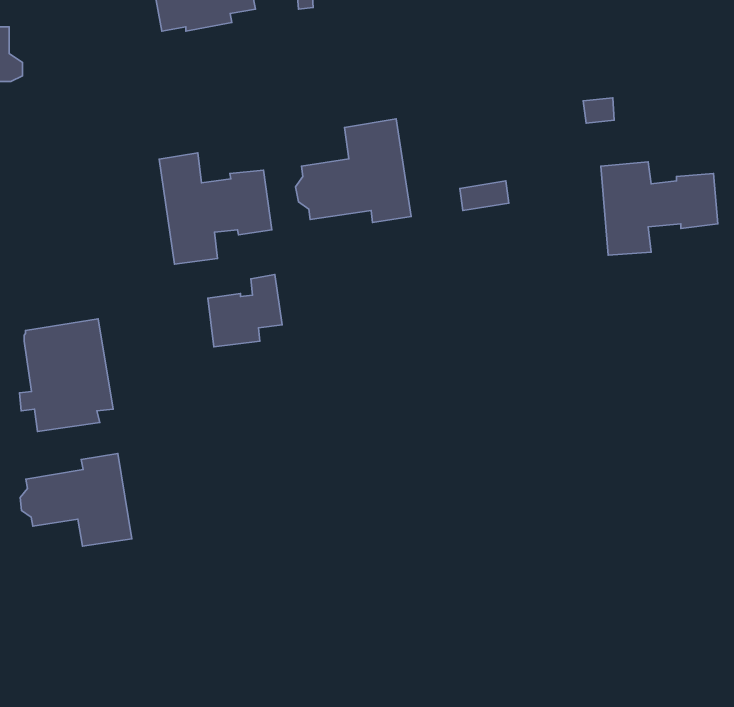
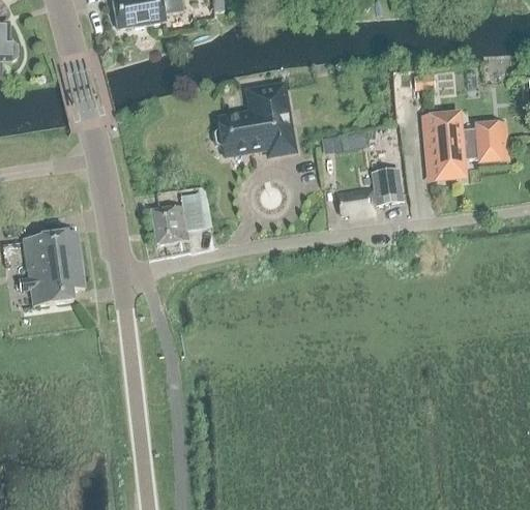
building: [159,153,272,264] -> none
building: none -> [336,164,405,218]
building: [20,453,132,546] -> none

